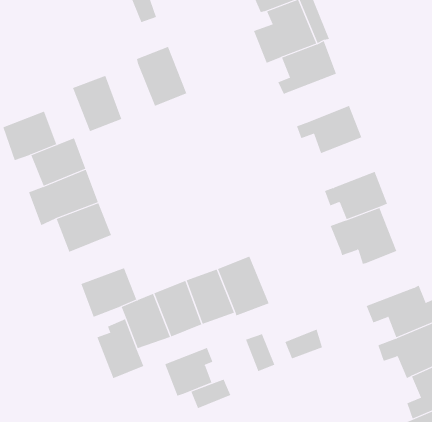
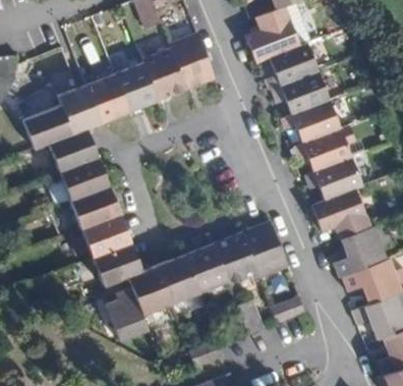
building: none -> [167,33,214,90]
building: none -> [114,63,157,112]
building: none -> [272,72,328,114]
building: none -> [56,85,100,134]
building: none -> [294,125,352,172]
building: none -> [81,214,130,257]
building: none -> [240,221,287,278]
building: none -> [333,223,389,277]
building: [165,347,213,397] -> none

